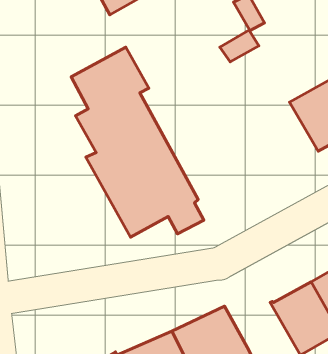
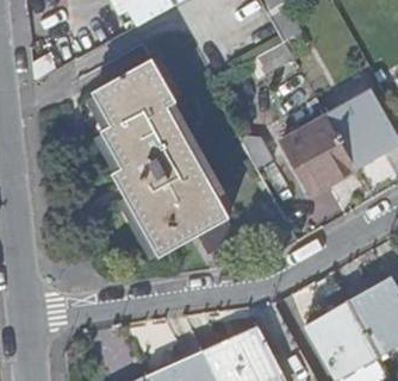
building: none -> [282,114,355,193]

